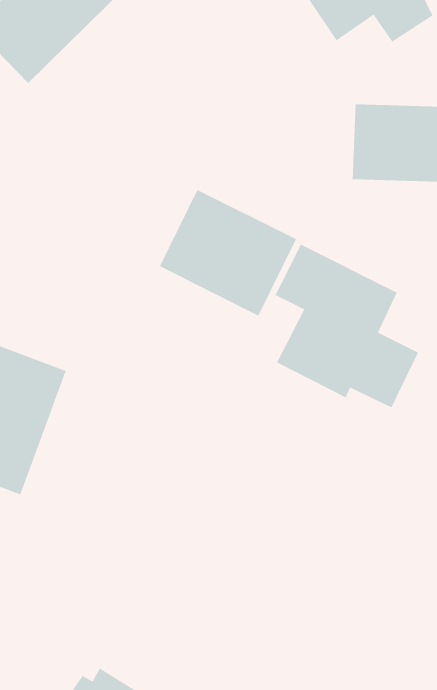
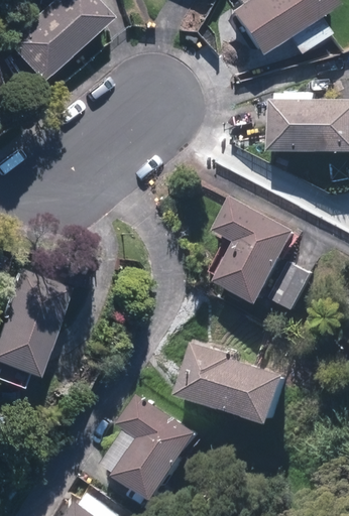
building: [159,189,297,316] -> none
building: none -> [174,345,286,420]
building: none -> [104,395,201,498]

